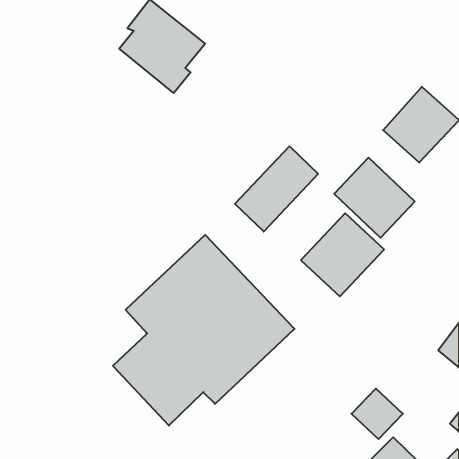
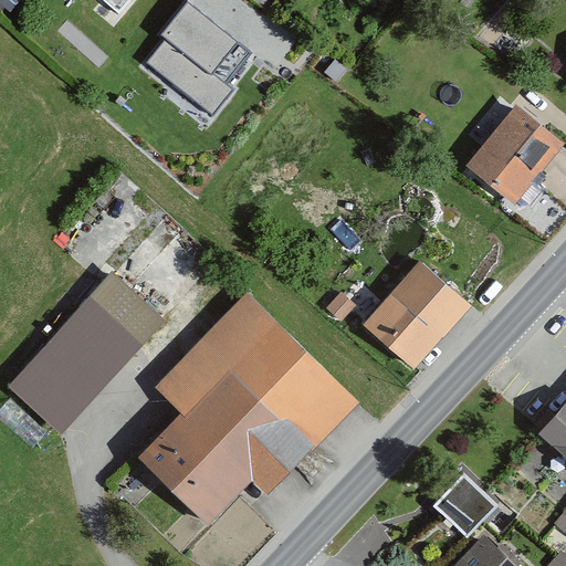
building: [235,146,318,232] -> none
building: [334,158,415,238] -> none
building: none -> [9,272,163,430]

